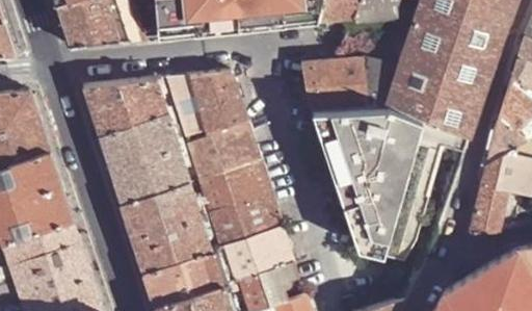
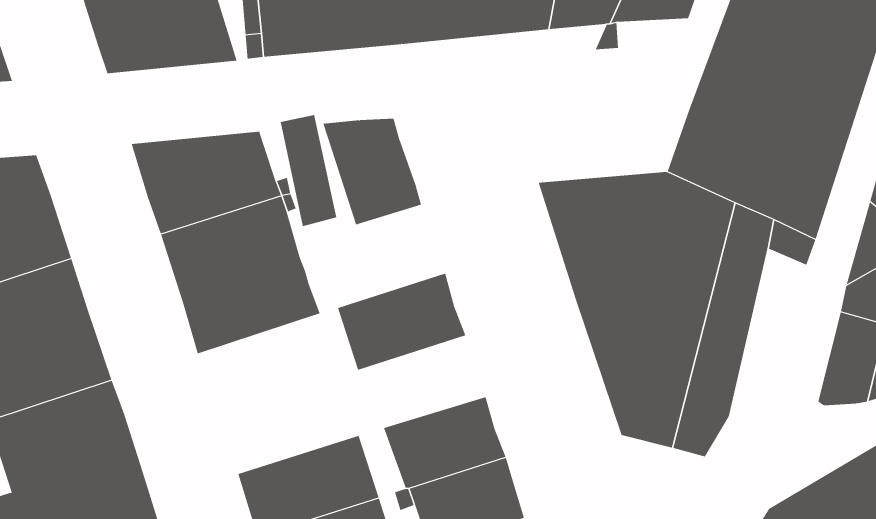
building: [304,57,398,107] -> none
building: [187,120,261,178] -> none
building: [121,181,212,271] -> none
building: [211,193,284,247] -> none

